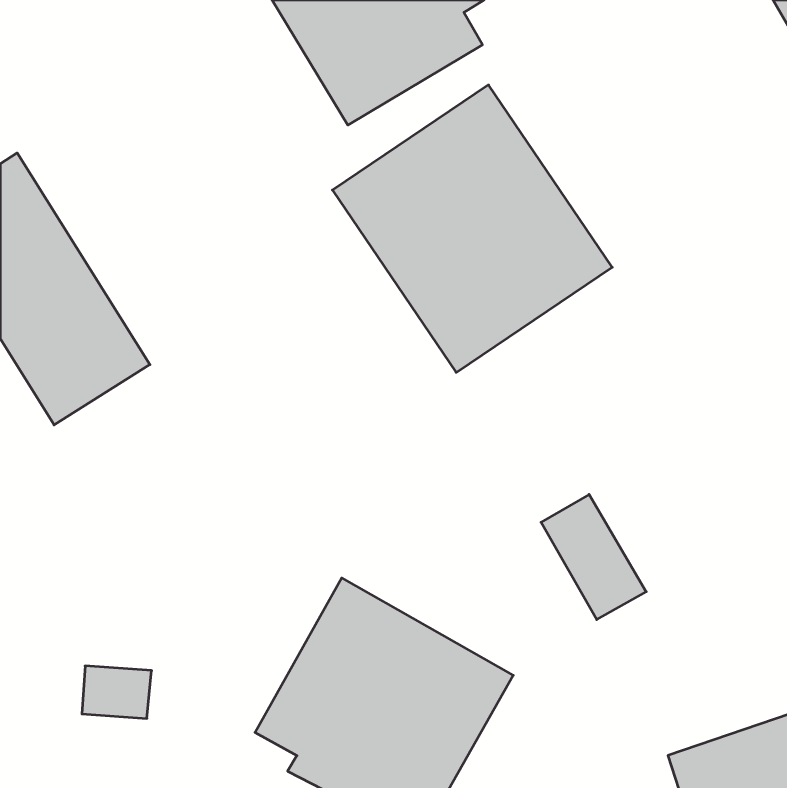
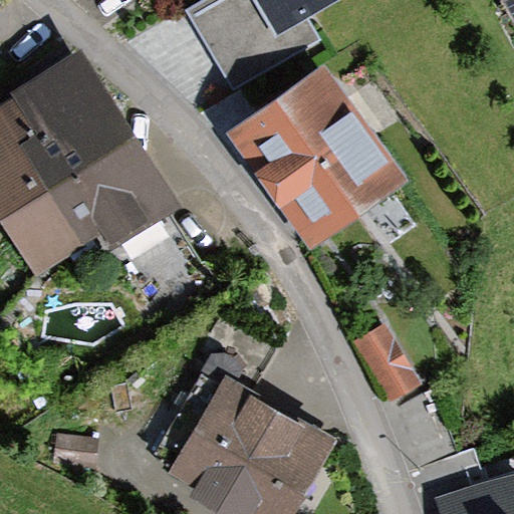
building: none -> [9,50,180,254]

